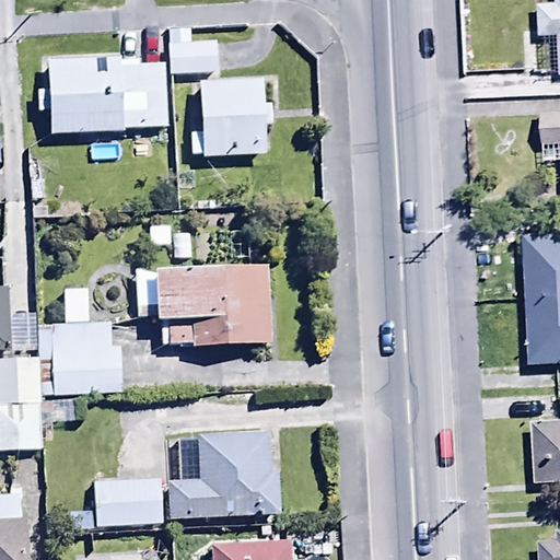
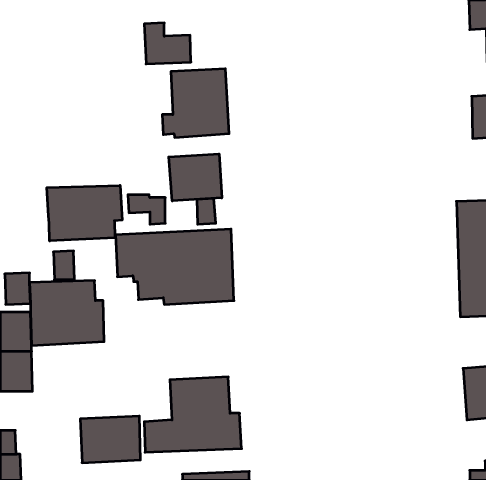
building: [35,58,167,133] -> none
building: none -> [169,154,222,201]
building: none -> [47,185,122,241]

